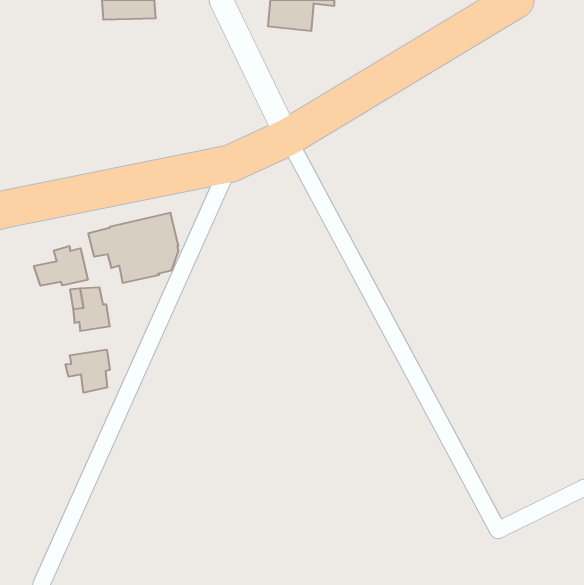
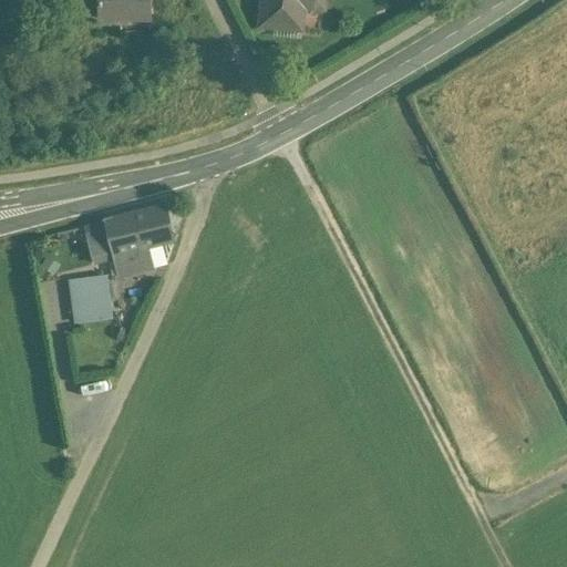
building: [34,246,88,286] -> none
building: [65,350,110,393] -> none

